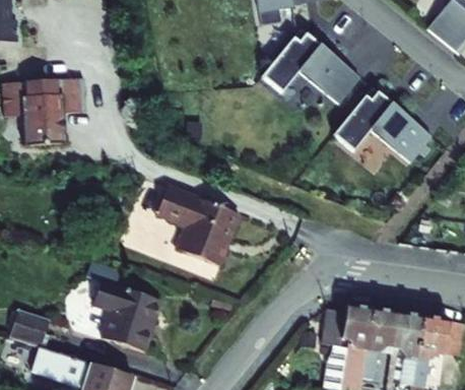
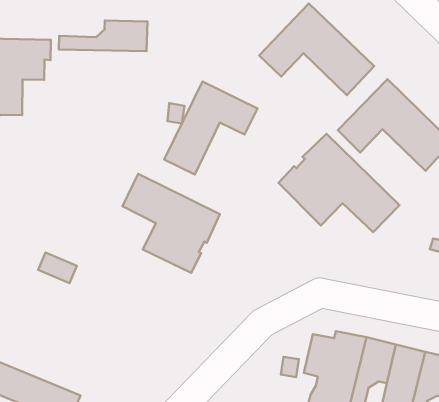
building: none -> [59,20,147,51]
building: none -> [164,81,257,174]
building: none -> [278,134,400,232]
building: [93,280,161,351] -> none

